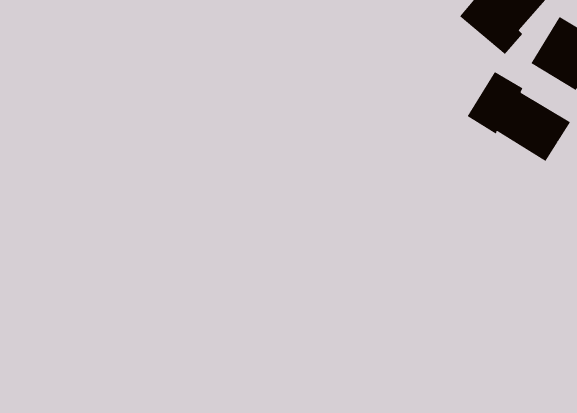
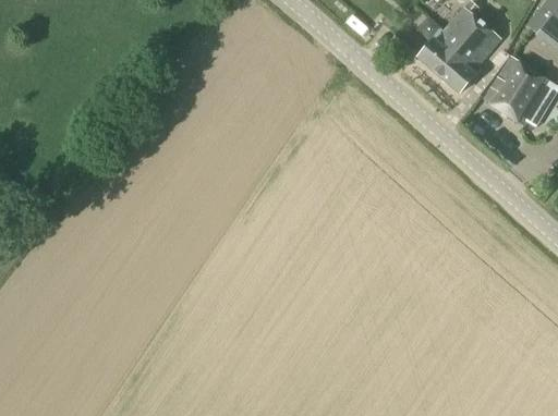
building: [467,71,571,162] -> none

